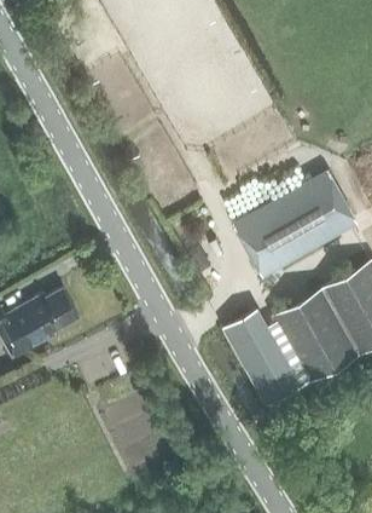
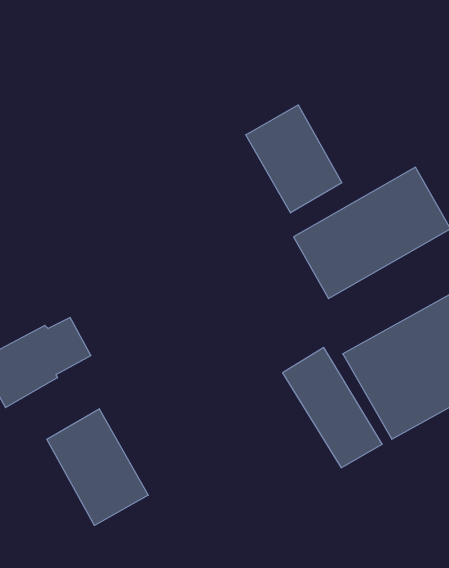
building: none -> [246,105,342,213]
building: none -> [47,409,148,525]

